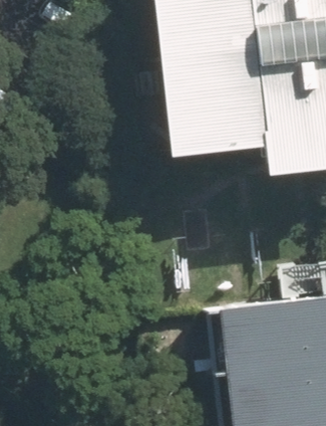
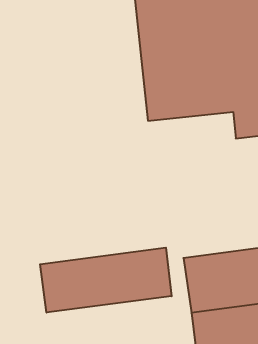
building: none -> [40,248,172,313]

